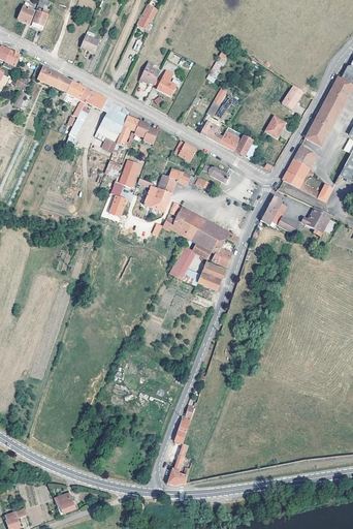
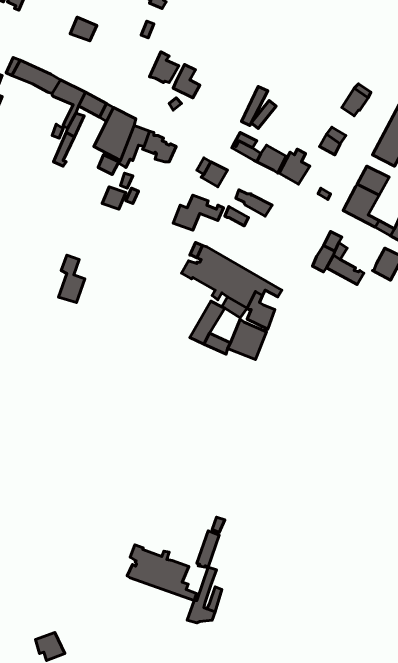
building: [138,178,171,212] -> none
building: [108,181,128,216] -> [58,255,85,303]
building: none -> [127,545,197,601]

